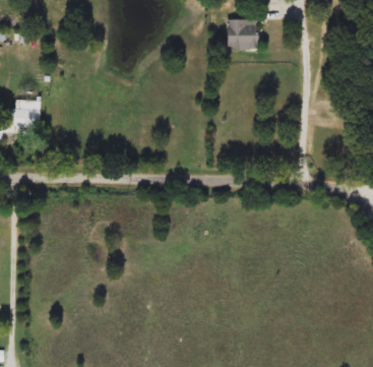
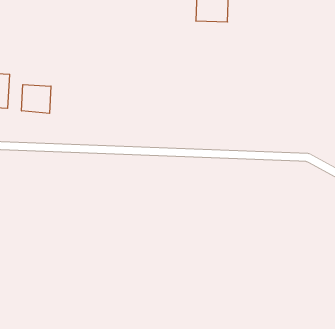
building: none -> [22,85,51,113]

